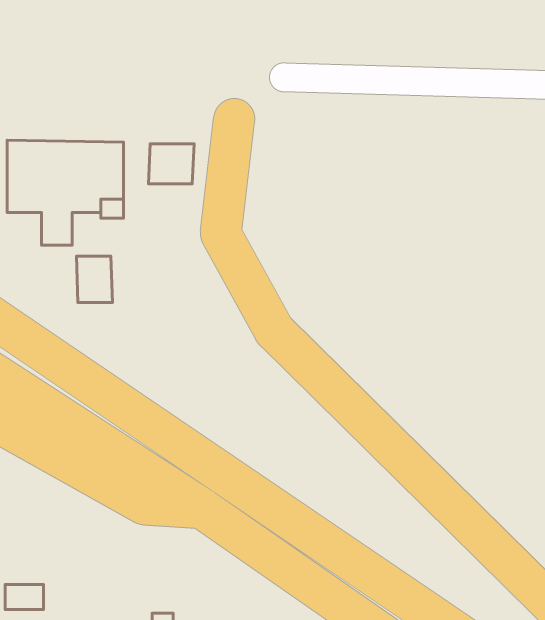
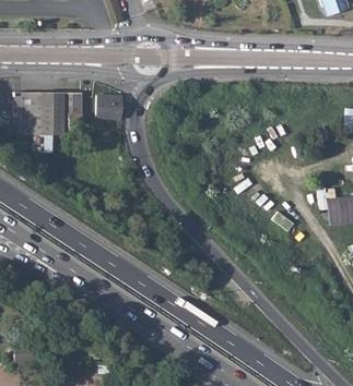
building: [76,256,112,303] -> none

